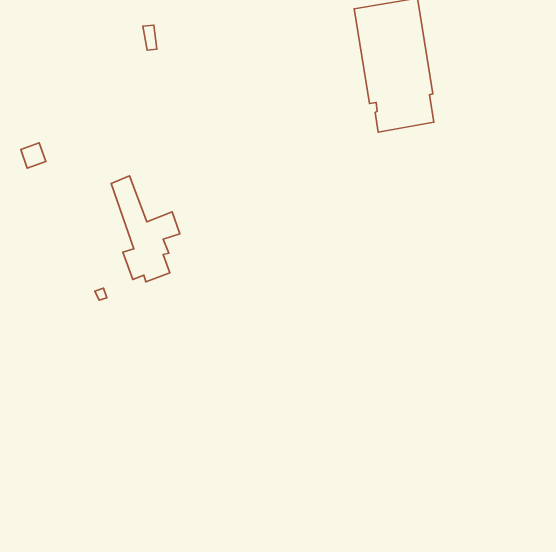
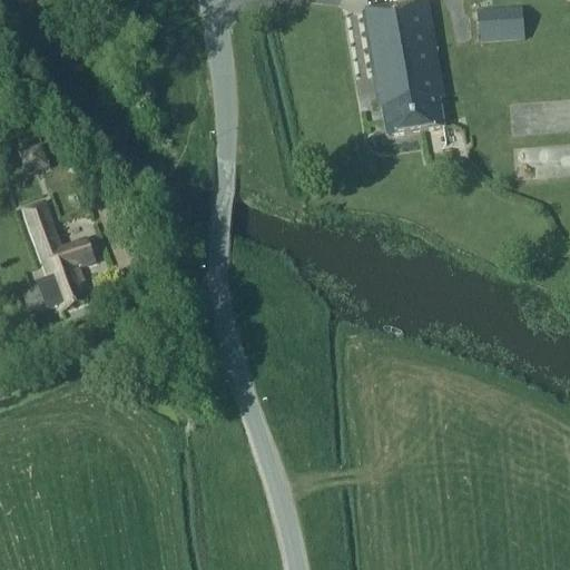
building: none -> [478,6,525,40]
building: [111,176,180,282] -> [26,200,96,308]

